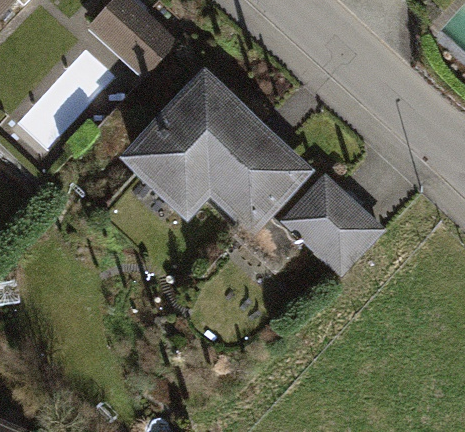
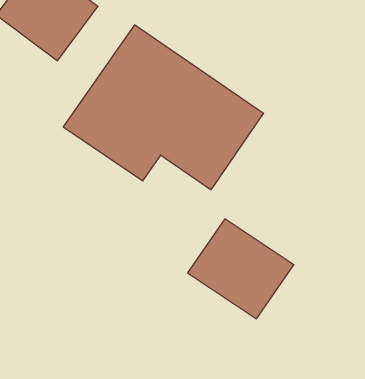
building: [281,176,382,274] -> [188,219,294,319]

